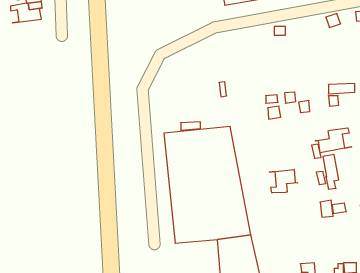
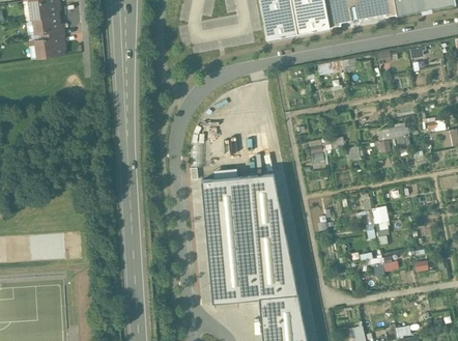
building: [315,128,352,153] -> none
building: [269,169,298,193] -> none

